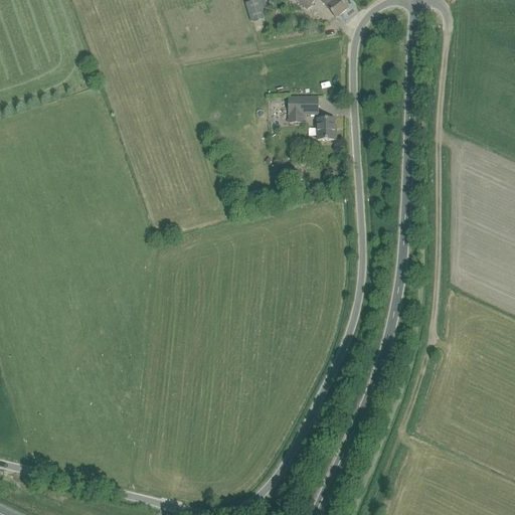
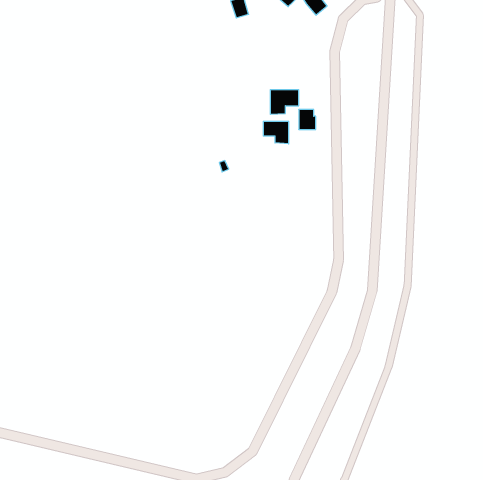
building: none -> [263,121,289,144]

